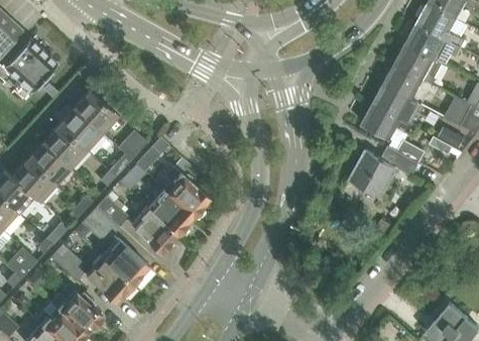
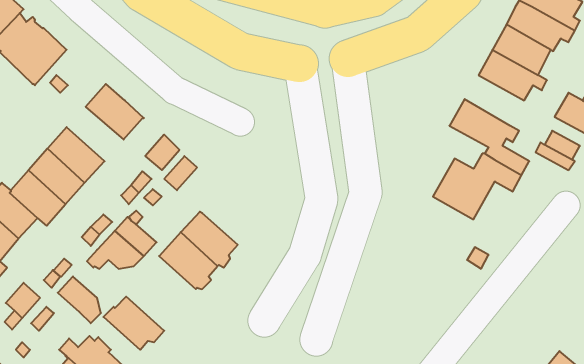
building: [373,83,421,123] -> none
building: [56,108,102,151] -> none
building: [164,166,209,218] -> none
building: [104,239,147,287] -> none

